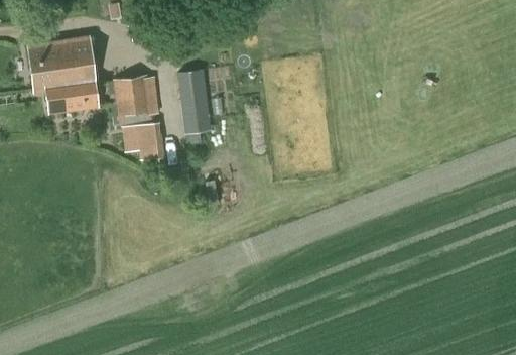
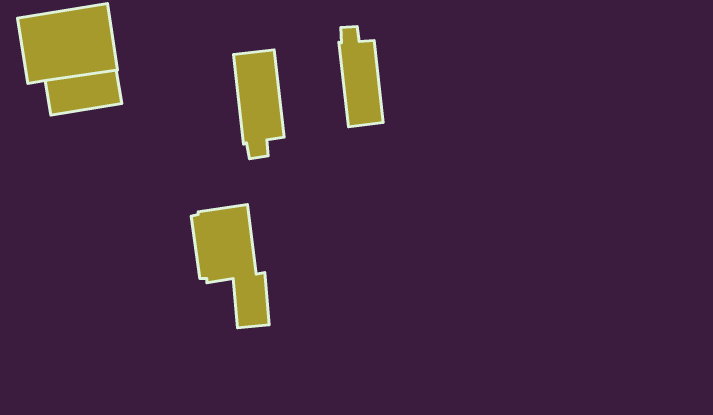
building: none -> [339,26,383,127]
building: [109,75,163,160] -> [191,204,269,328]

